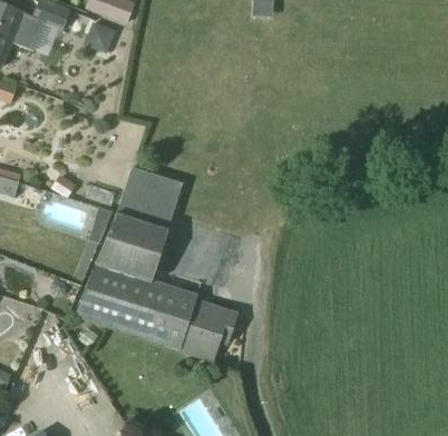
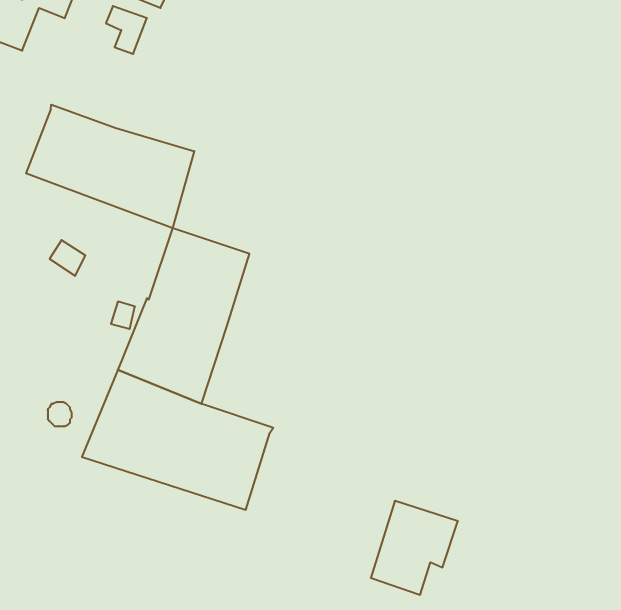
building: none -> [26,105,194,228]
building: [179,300,236,361] -> [371,501,458,595]

